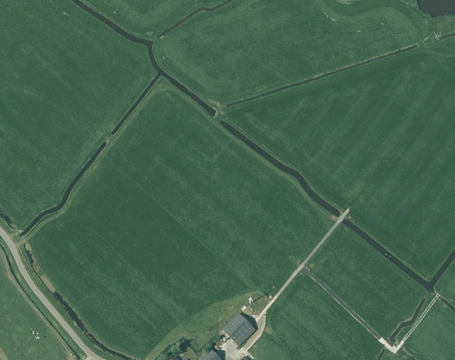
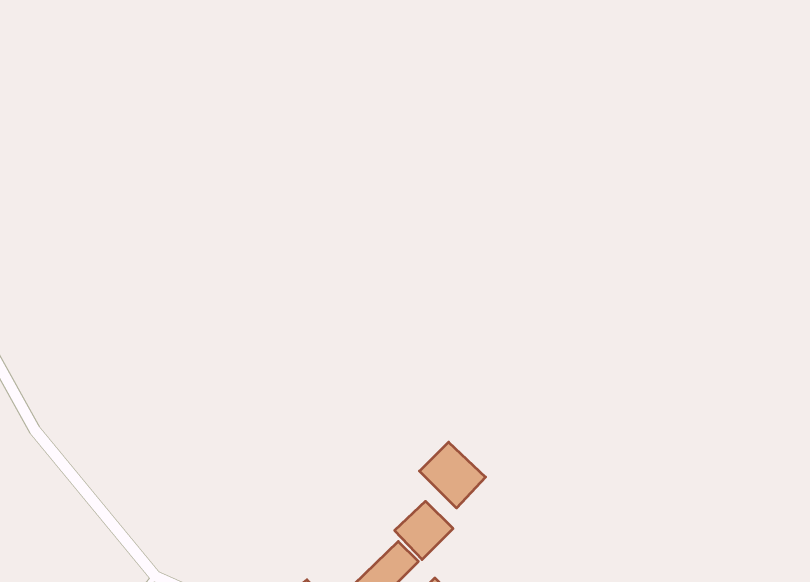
building: none -> [419,442,486,508]

